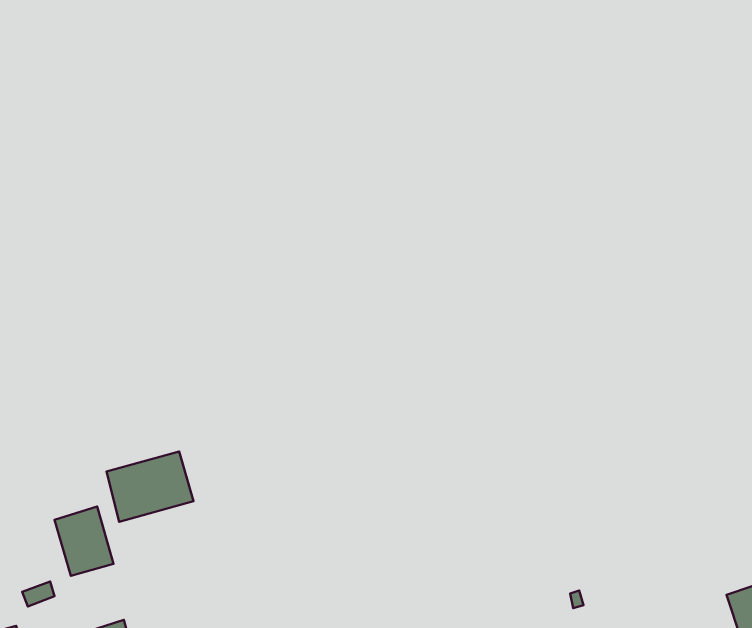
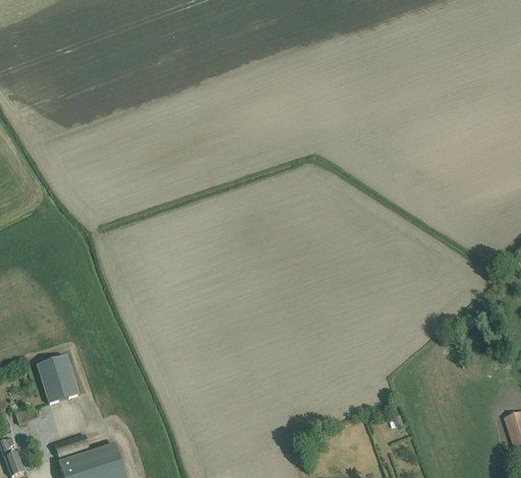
building: [107,452,193,522] -> none

